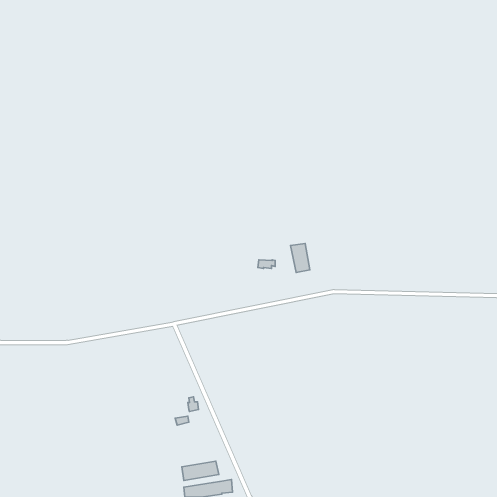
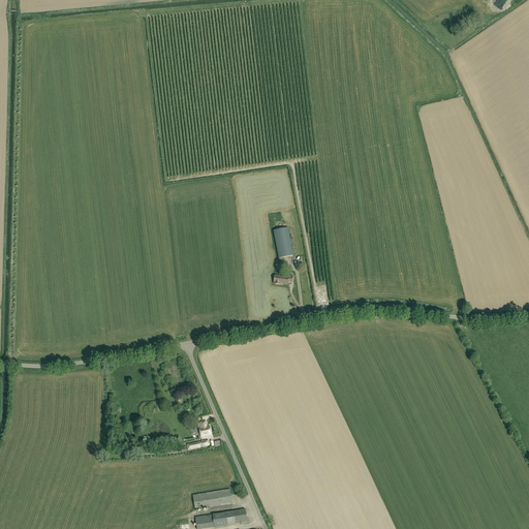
building: [290,243,310,273] -> [273,228,293,259]

